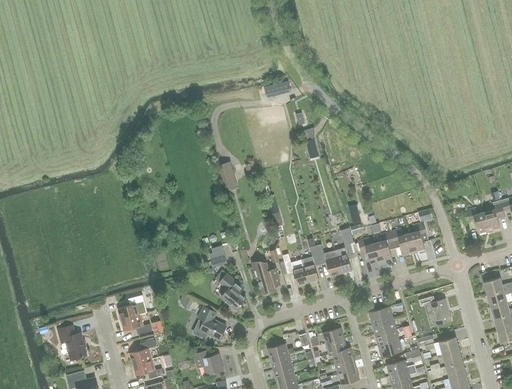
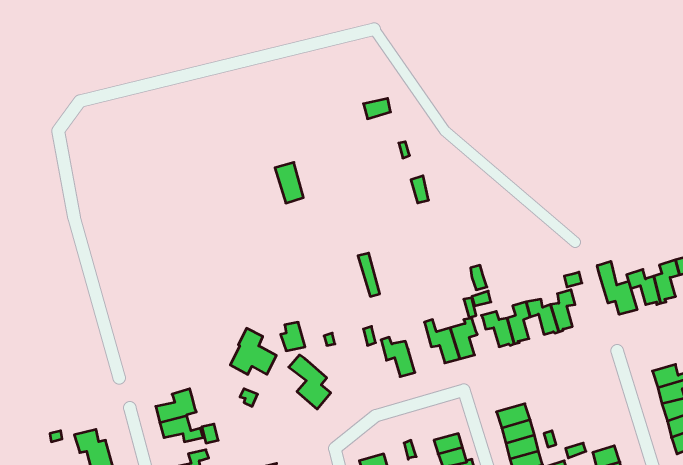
building: [216,161,237,191] -> [275,162,303,203]
building: none -> [597,261,637,314]
building: [301,246,320,283] -> none
building: [251,262,280,293] -> none
building: [419,296,451,324] -> none
building: [192,306,226,340] -> [230,328,276,374]

